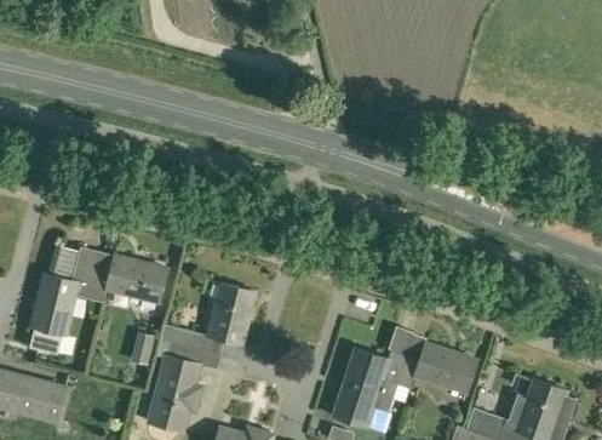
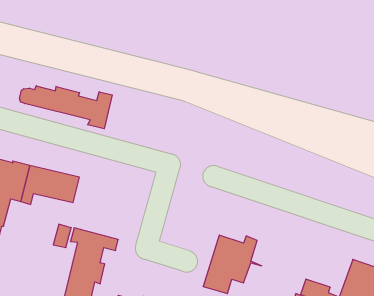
building: none -> [19,86,112,129]
building: [160,282,256,353] -> none
building: [397,337,477,390] -> none

